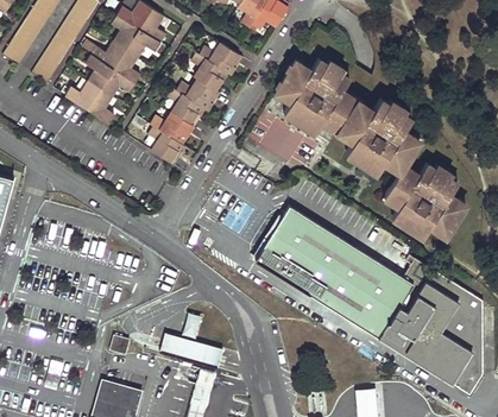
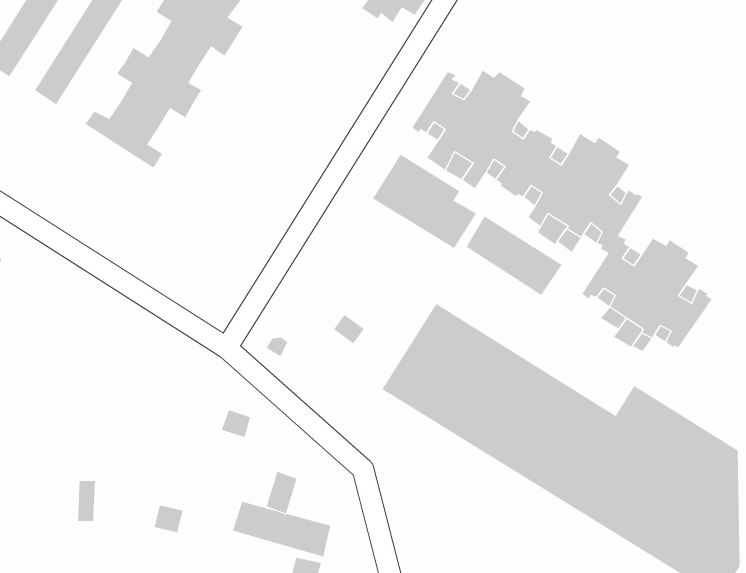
building: [147,40,242,163] -> none
building: none -> [466,216,563,296]

